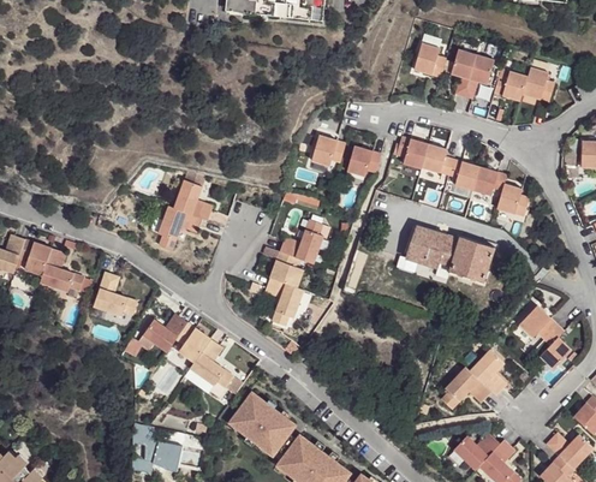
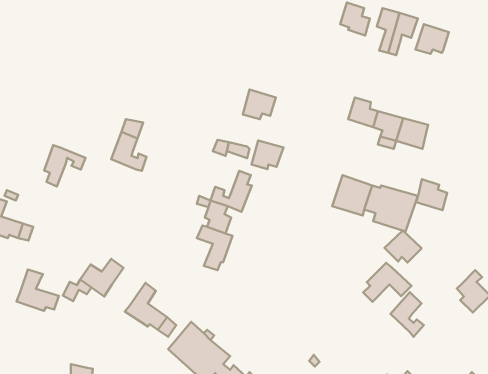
building: [524,67,559,103] -> none
building: [397,136,430,169] -> none
building: [348,147,382,177] -> [251,141,284,169]
building: [499,183,531,215] -> [416,179,447,210]
building: [157,207,201,250] -> [44,145,85,187]
building: [93,273,137,316] -> [16,270,59,311]
building: [518,307,556,340] -> [385,231,421,263]
building: [175,323,210,363] -> none
building: [437,367,488,407] -> [363,263,411,302]

